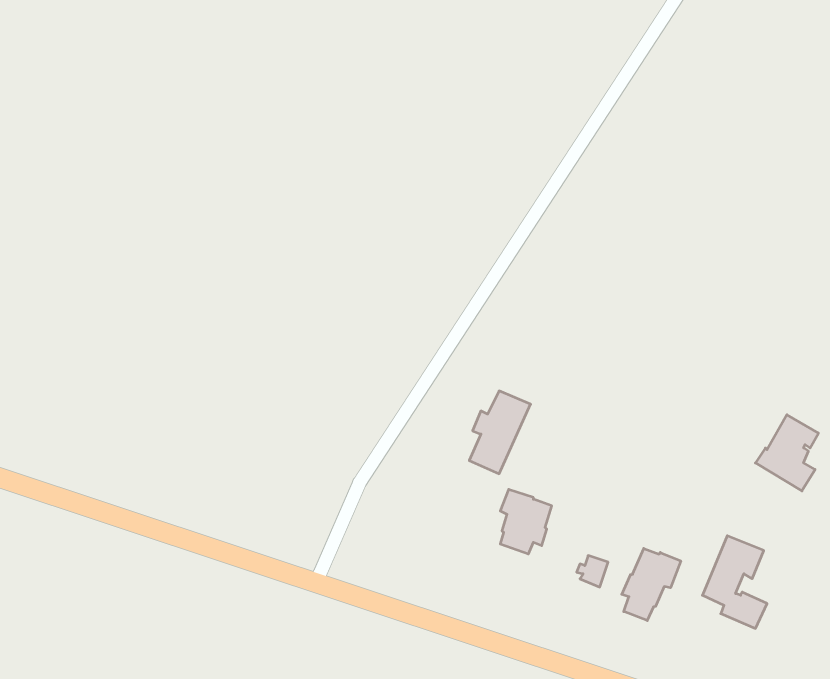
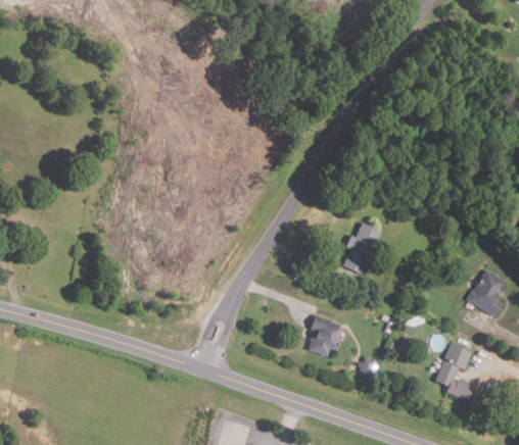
building: [469,391,531,474] -> [343,224,381,275]
building: [622,548,681,621] -> none

